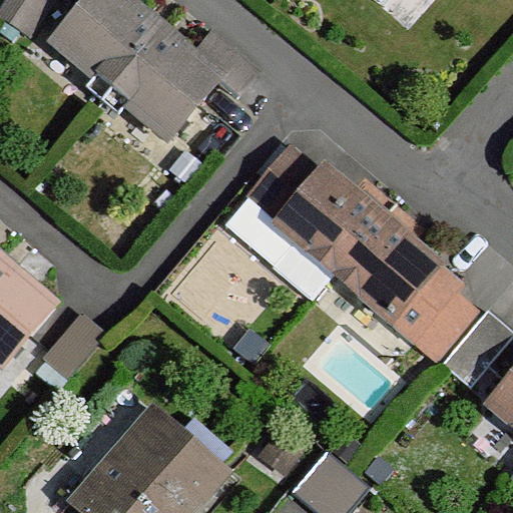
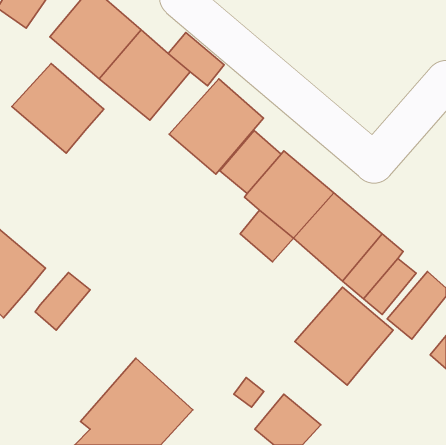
building: none -> [12,63,104,153]
building: none -> [169,79,264,174]
building: none -> [295,287,393,385]

